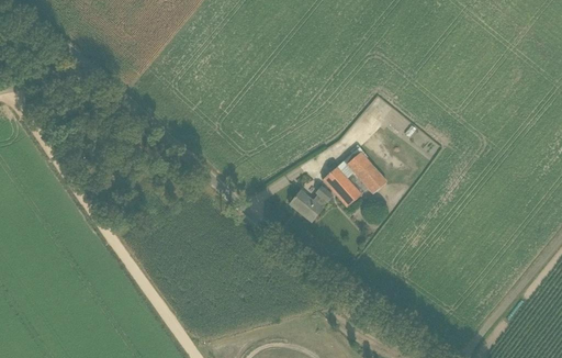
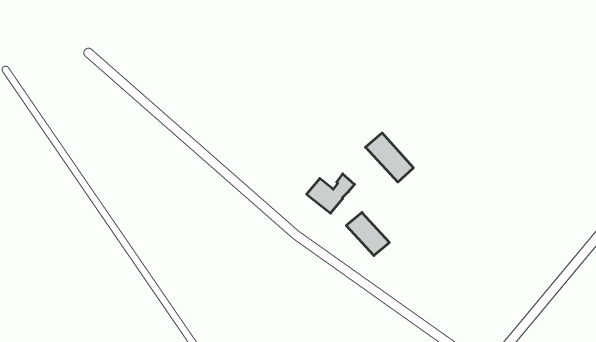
building: [322,166,361,205] -> [346,212,389,256]

